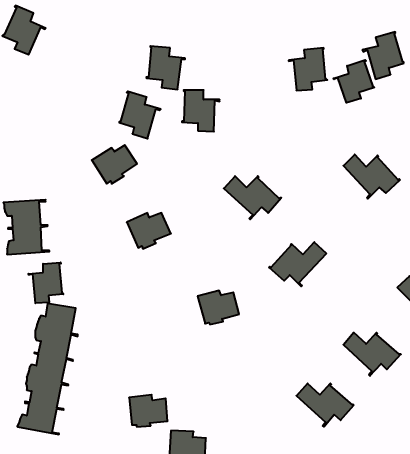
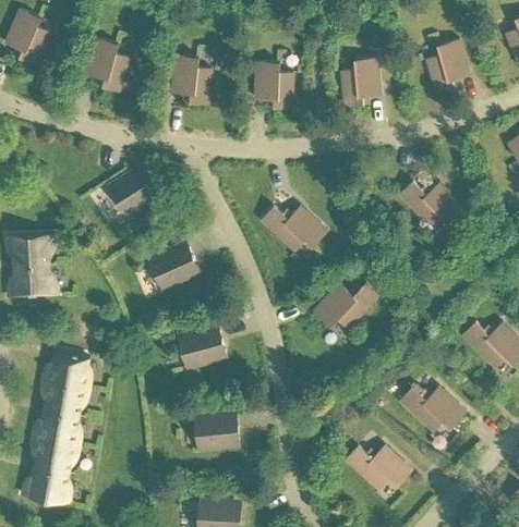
building: [333,60,374,103] -> none
building: [182,90,220,132] -> [254,62,298,110]
building: [119,91,161,139] -> [86,38,134,93]
building: [28,262,63,303] -> none
building: [198,291,239,324] -> [178,329,226,368]
building: [129,395,168,427] -> [194,414,239,451]

